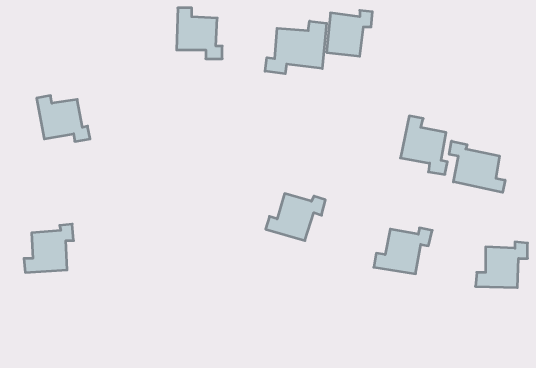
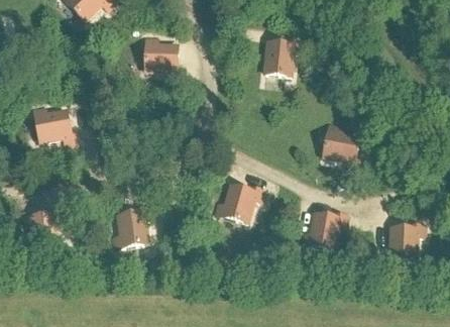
building: [265,21,327,74] -> none
building: [449,141,505,192] -> none
building: none -> [113,205,151,246]

